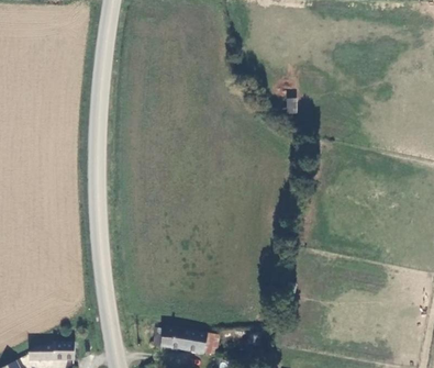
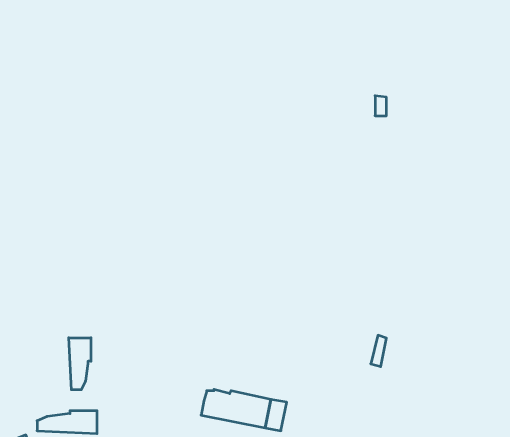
building: none -> [69,338,91,390]

